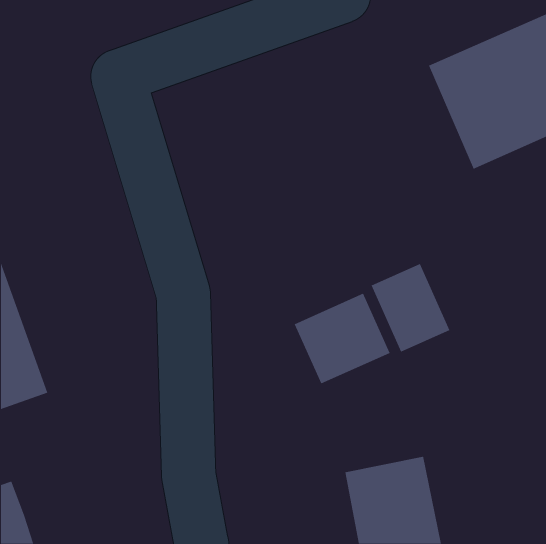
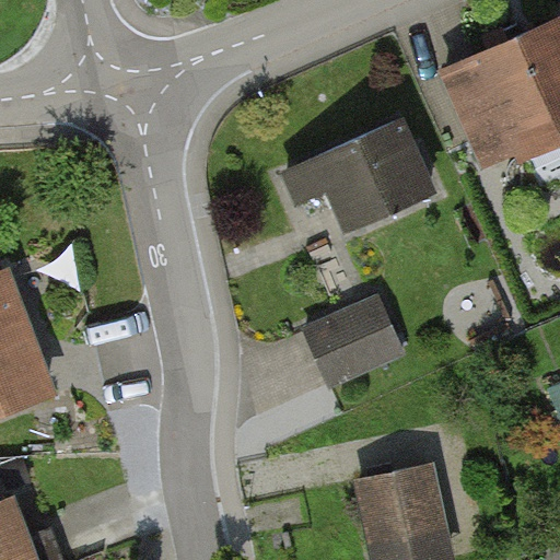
building: none -> [278,119,429,228]
building: [371,263,450,352] -> none

